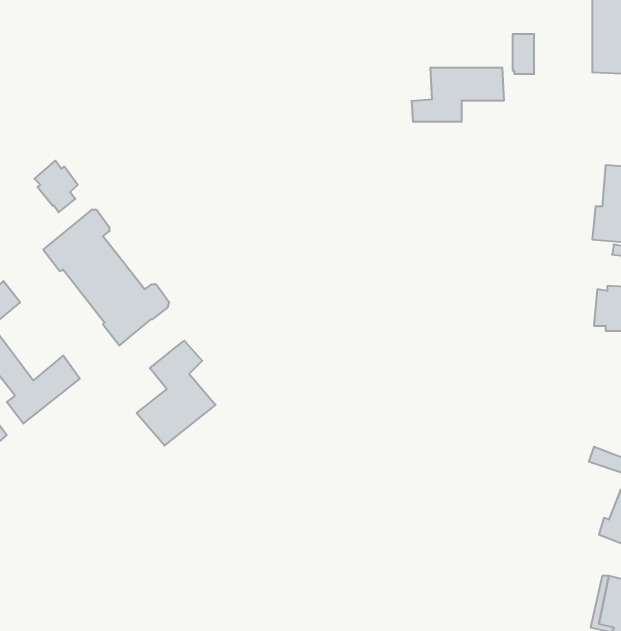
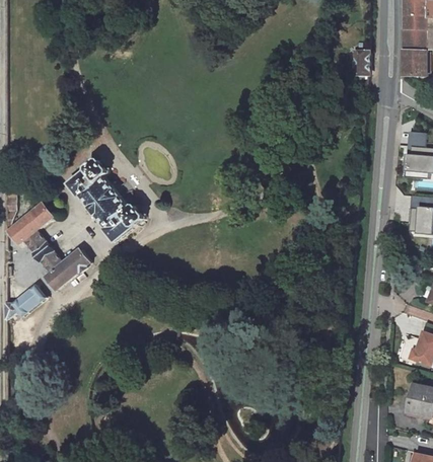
building: [412,68,504,122] -> none
building: [34,161,78,212] -> none
building: [137,341,216,446] -> none

